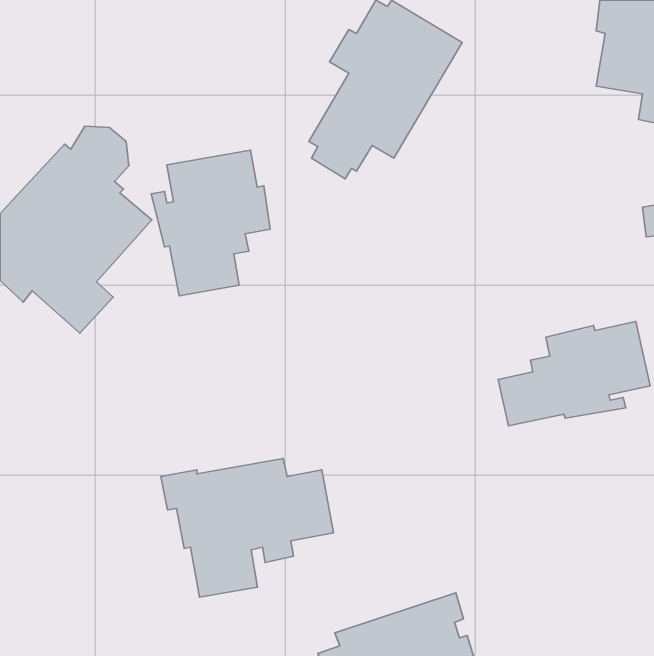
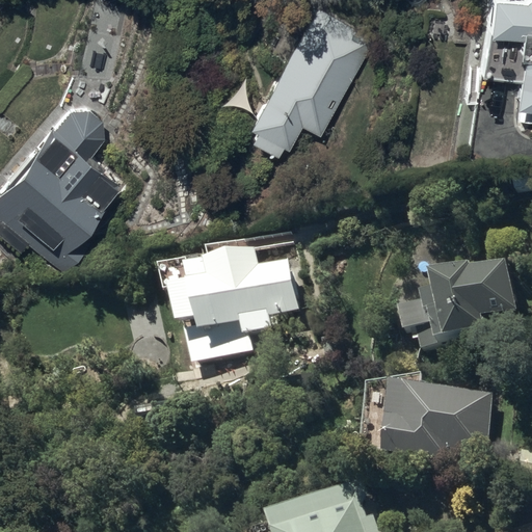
building: [151,150,270,296] -> none
building: [161,458,333,597] -> [167,251,307,364]
building: none -> [369,372,505,464]

